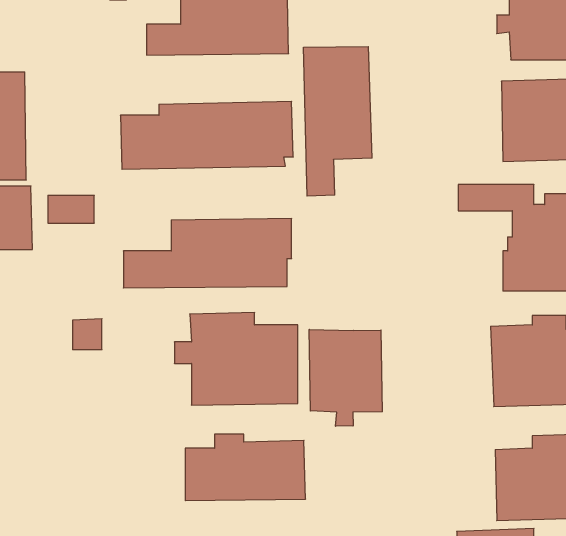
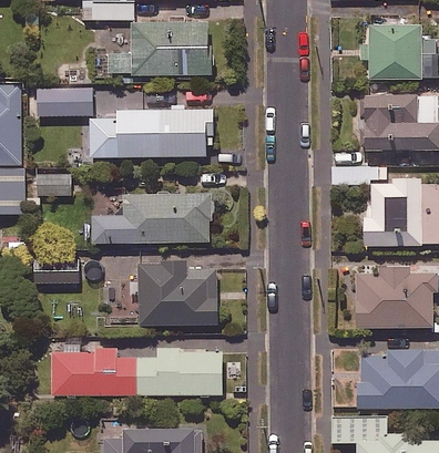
building: [304,47,372,196] -> none
building: none -> [38,89,92,117]
building: [309,329,382,426] -> none
building: none -> [52,343,136,395]

